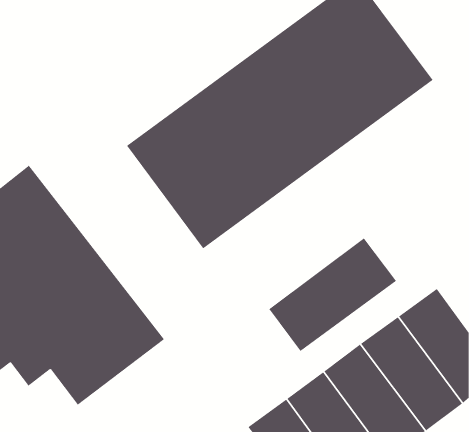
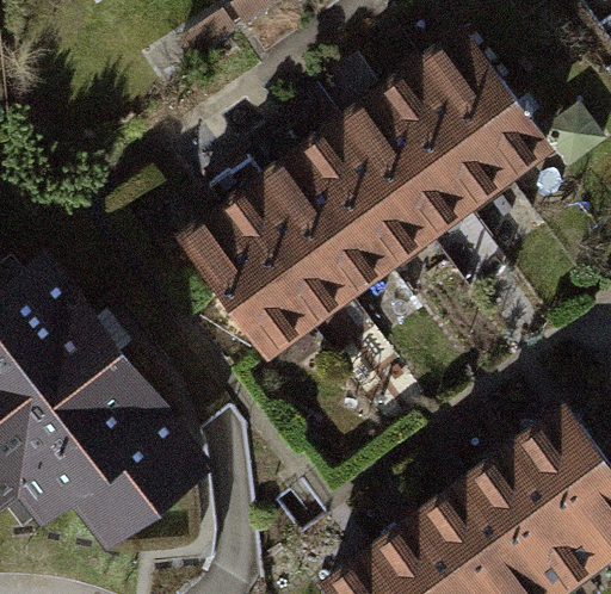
building: [268,238,397,352] -> none

